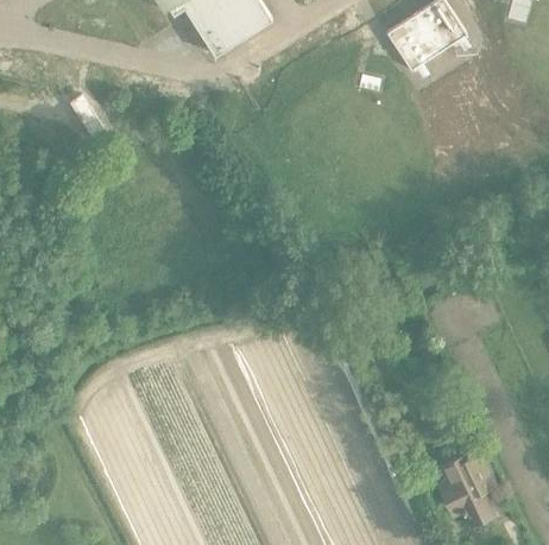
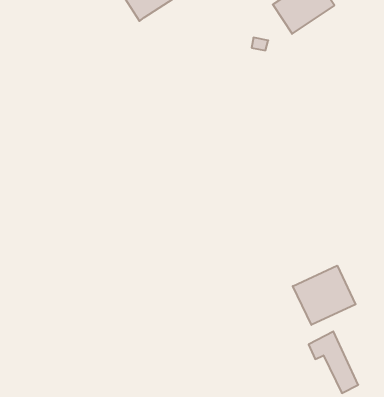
building: none -> [293,266,356,325]

